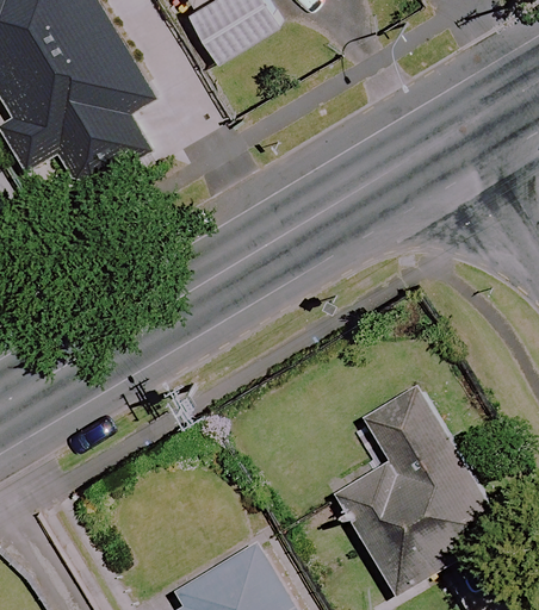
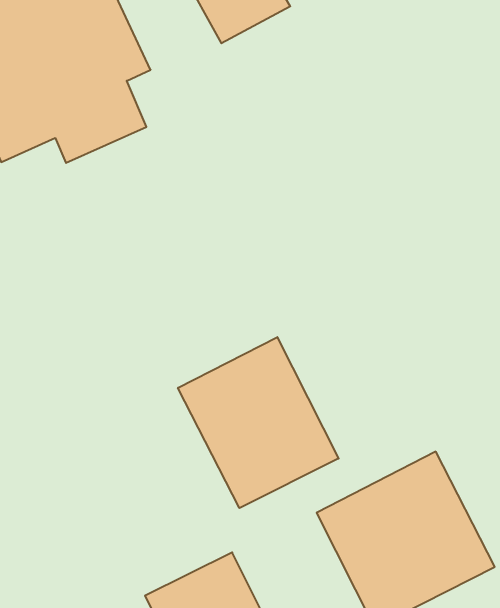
building: none -> [178,337,339,508]

